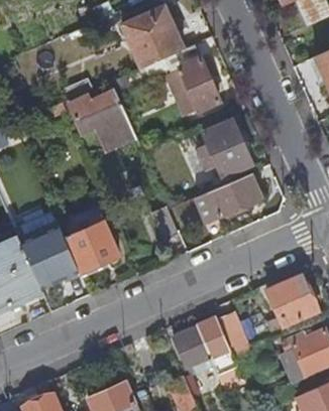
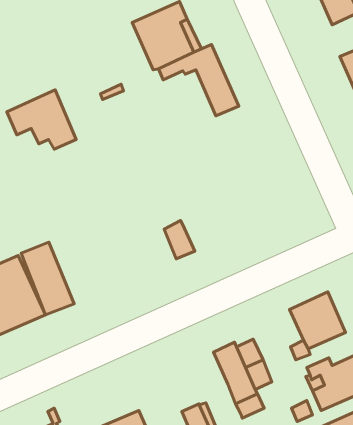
building: [73,93,136,147] -> [7,90,76,149]
building: [202,121,252,178] -> none
building: [191,174,262,225] -> none
building: [66,221,119,278] -> none
building: [173,327,210,368] -> none

